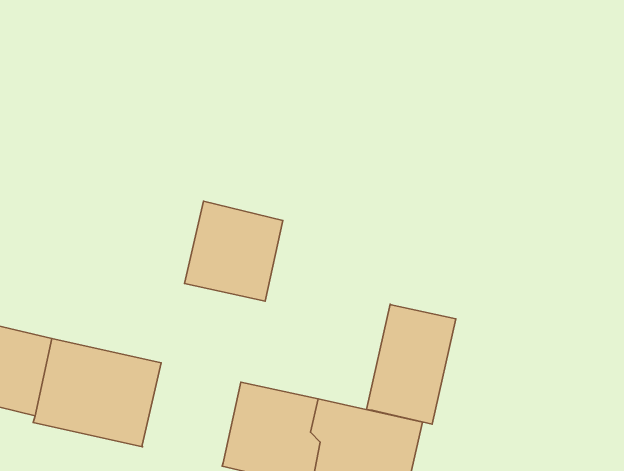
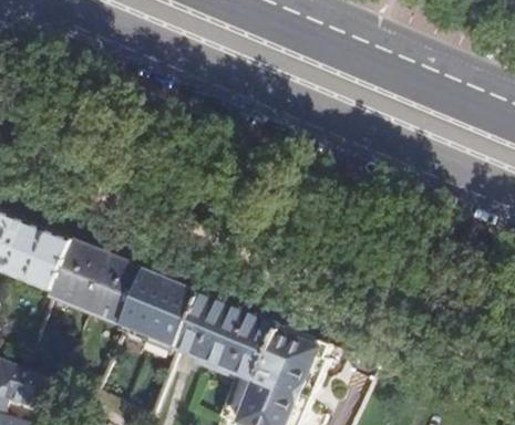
building: [184,201,283,301] -> [125,271,199,346]
building: [366,304,456,424] -> none

